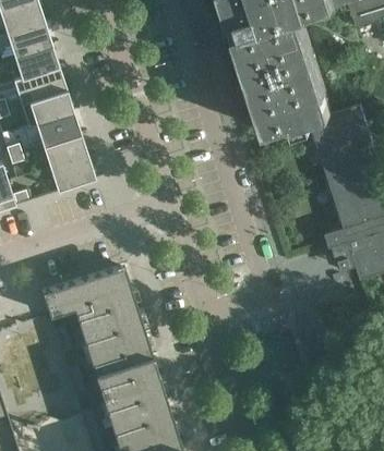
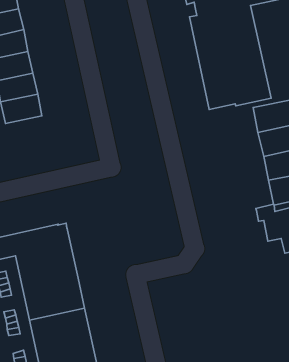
building: [49,157,95,193] -> none

